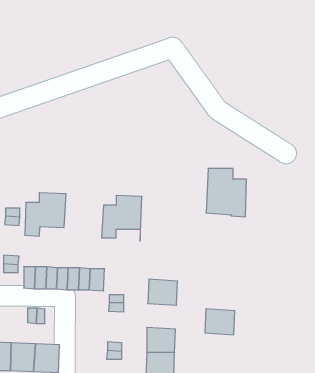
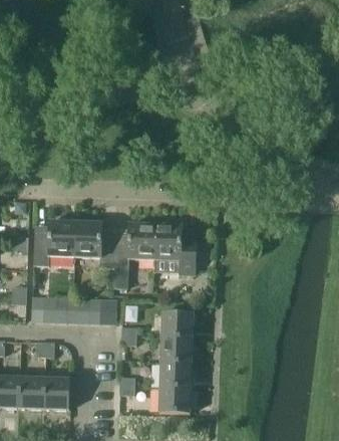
building: [206,169,247,217] -> [153,224,196,274]
building: none -> [74,221,115,267]
building: [205,309,235,335] -> [160,336,192,363]

